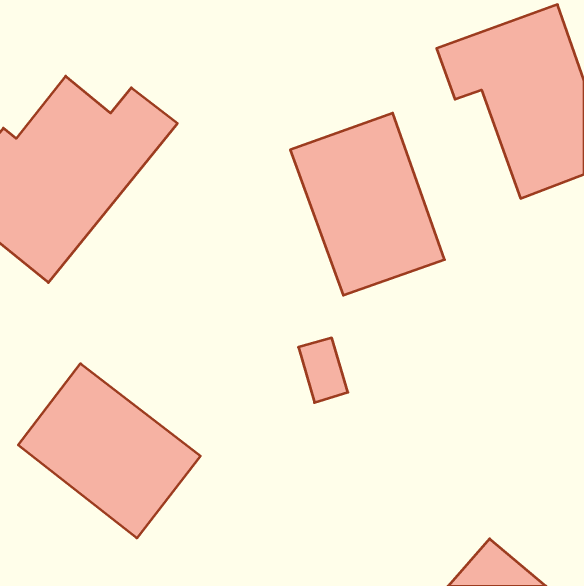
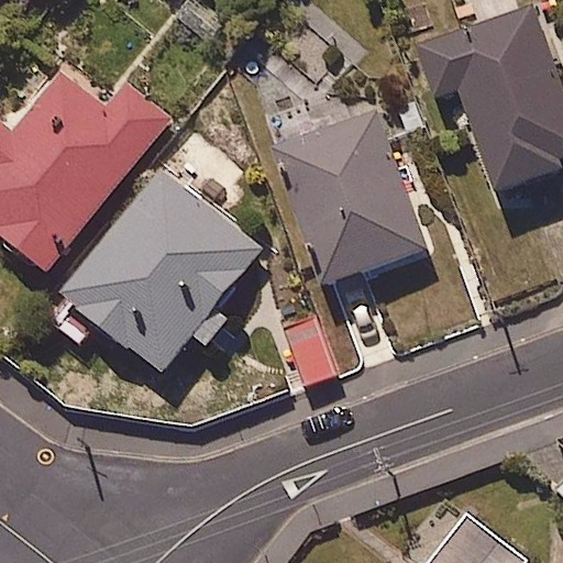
building: none -> [62,169,260,372]
building: [18,364,200,538] -> none

